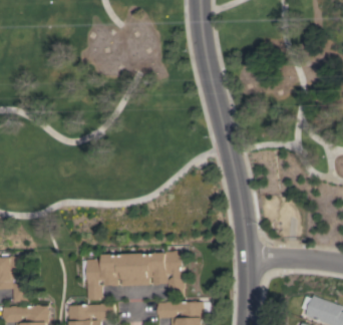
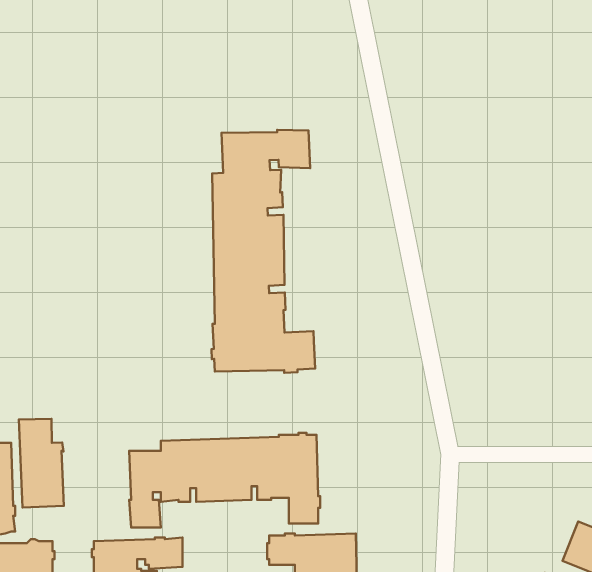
building: none -> [211,130,315,373]
building: none -> [19,419,64,507]

